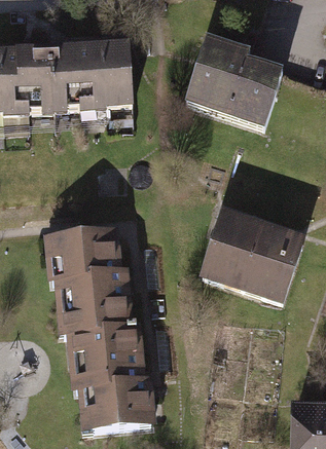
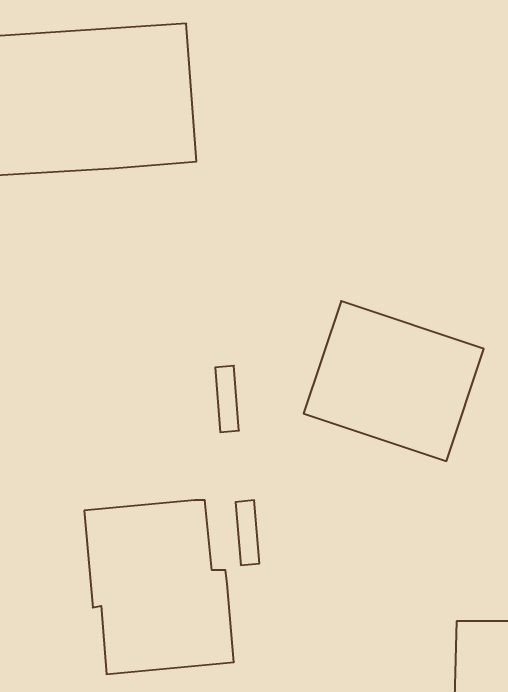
building: [185,30,282,120] -> none
building: [42,225,133,332] -> none

